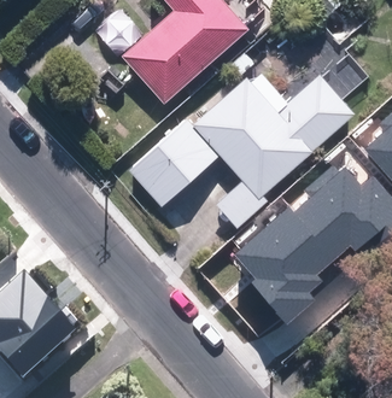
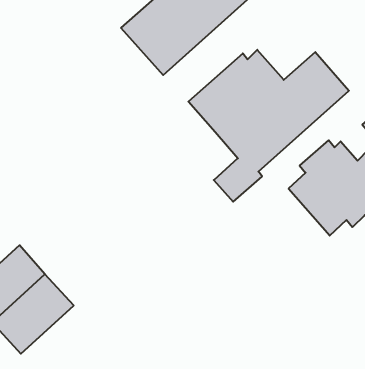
building: [128,118,217,207] -> none
building: [232,209,332,326] -> none

